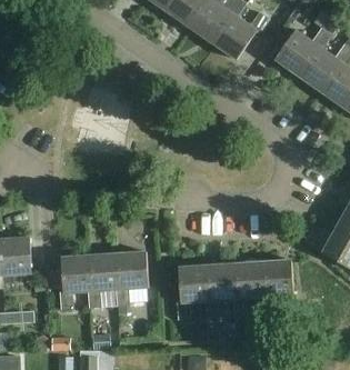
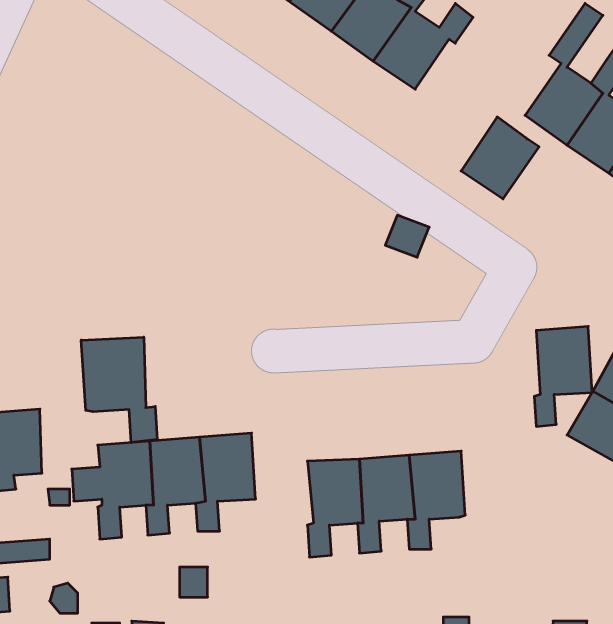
building: [274,29,318,74] -> [461,117,539,199]
building: none -> [81,337,157,443]
building: [261,259,293,314] -> [534,326,592,426]

